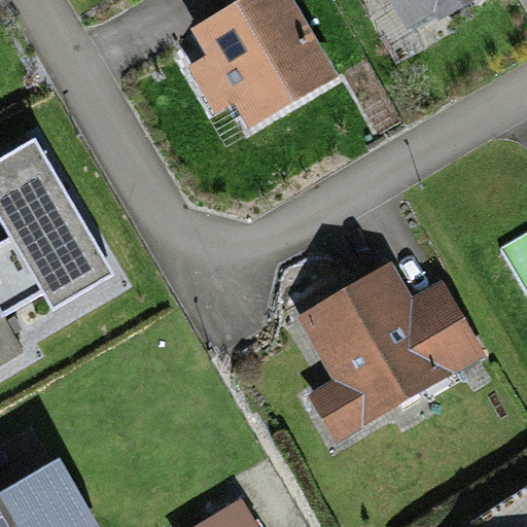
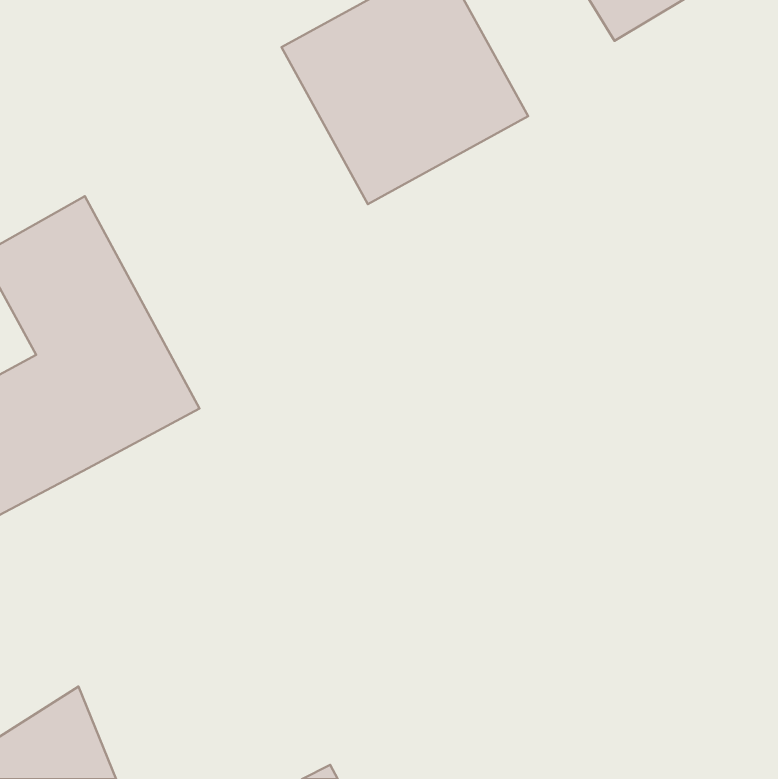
building: [292,258,491,453] -> none

